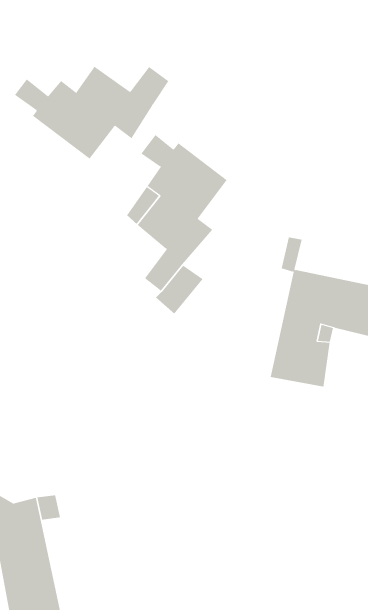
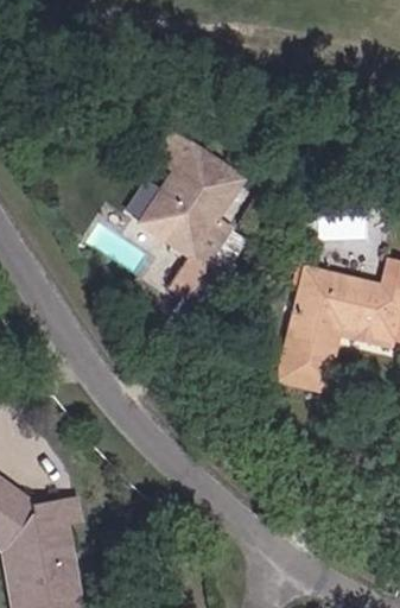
building: [14,66,169,160] -> none

